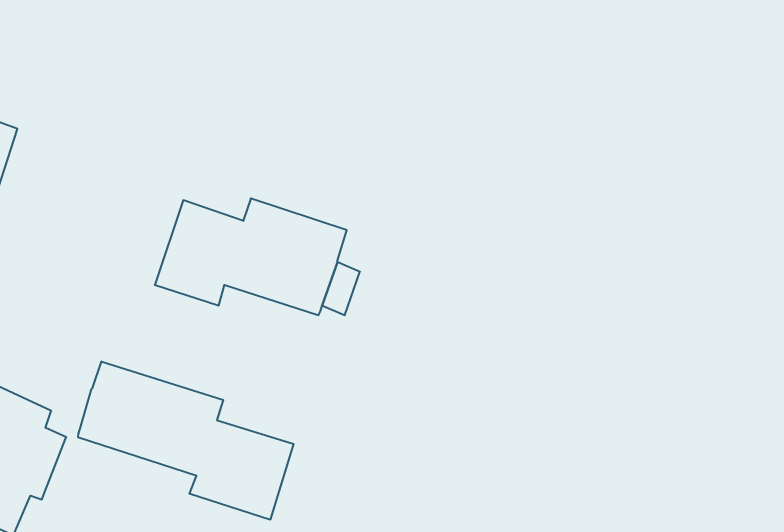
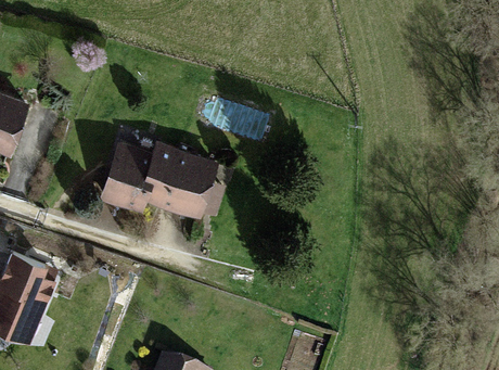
building: [78,361,294,520] -> none

